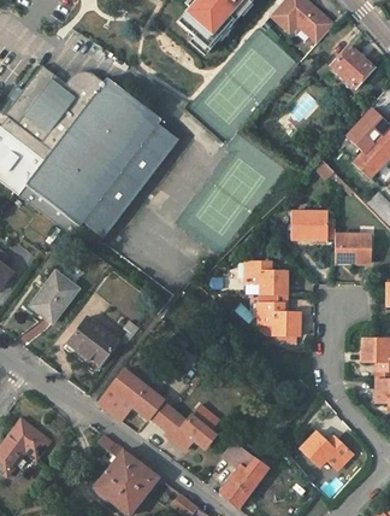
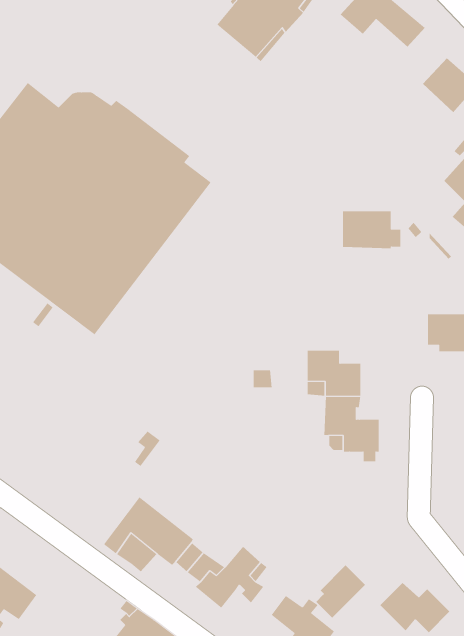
building: [291,211,335,239] -> [342,211,401,249]
building: [29,271,77,321] -> none
building: [67,316,117,368] -> none
building: none -> [315,565,366,619]

